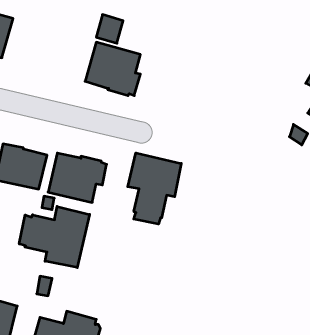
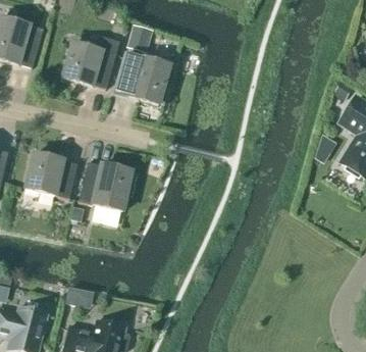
building: none -> [62,35,119,88]
building: [128,153,181,224] -> none
building: [19,206,90,268] -> none

